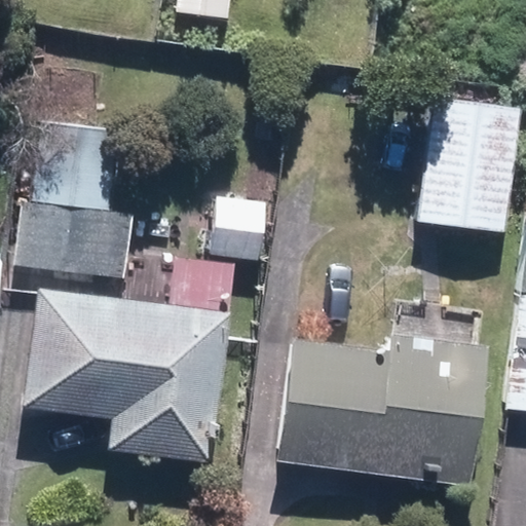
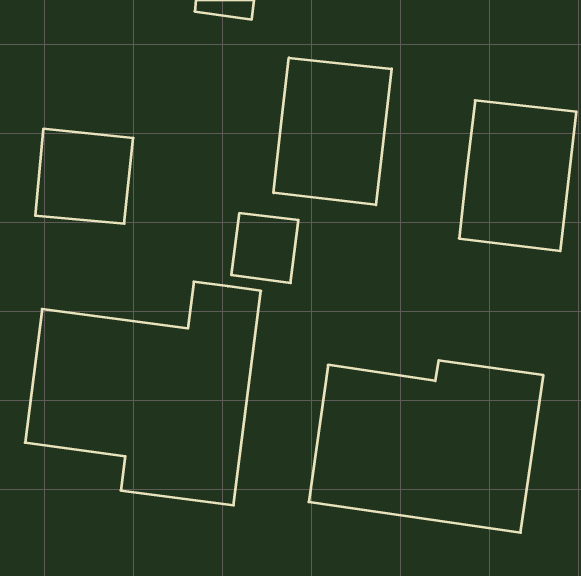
building: none -> [274,58,392,205]
building: [12,201,137,280] -> none

